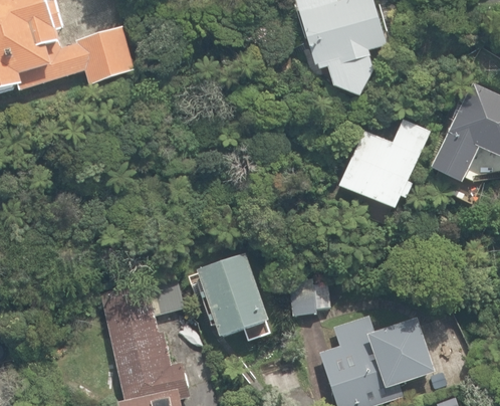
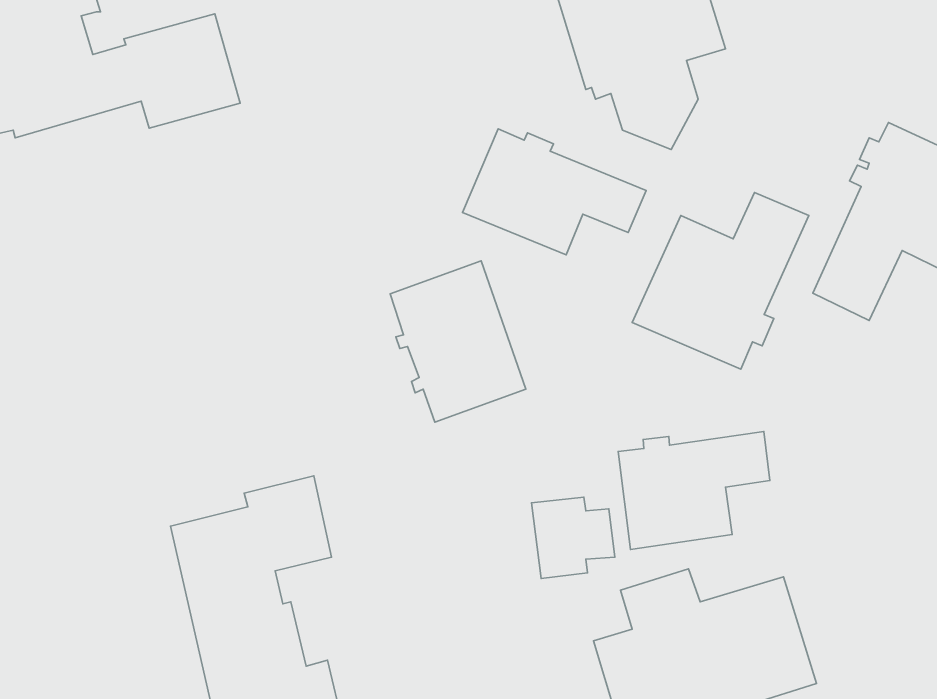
building: none -> [462,129,646,255]
building: none -> [618,432,770,549]
building: [197,253,267,337] -> [390,261,526,422]

